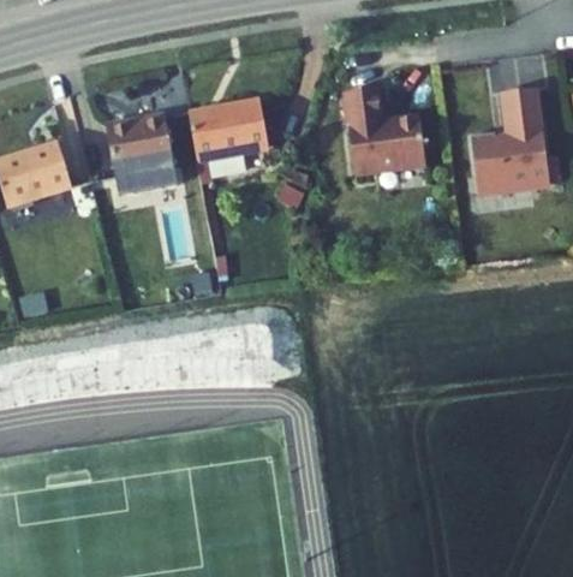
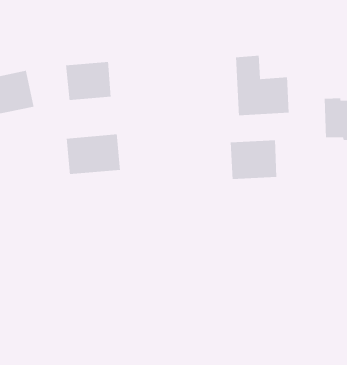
building: [192,97,273,161] -> [66,134,121,175]
building: none -> [230,140,277,180]

